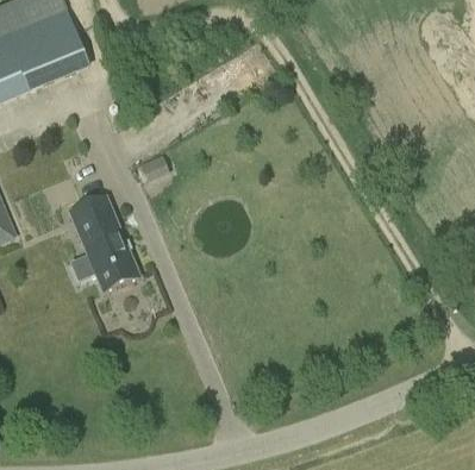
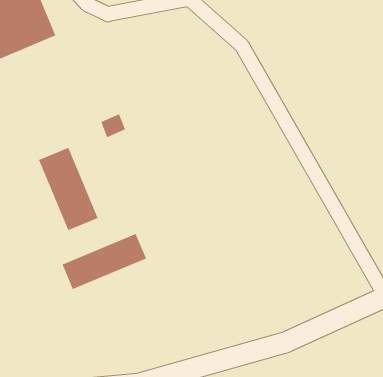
building: none -> [62,233,147,290]

